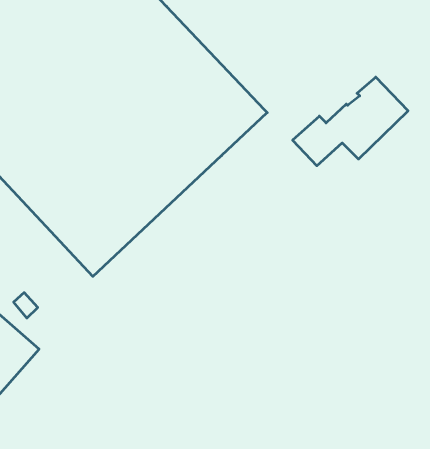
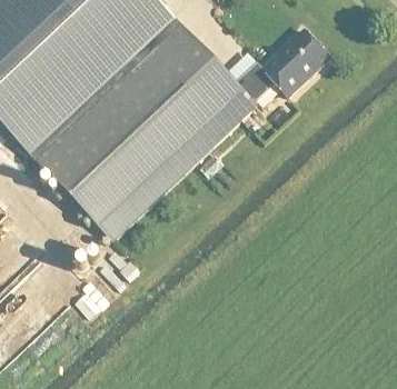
building: [293,77,408,166] -> [235,28,330,101]

